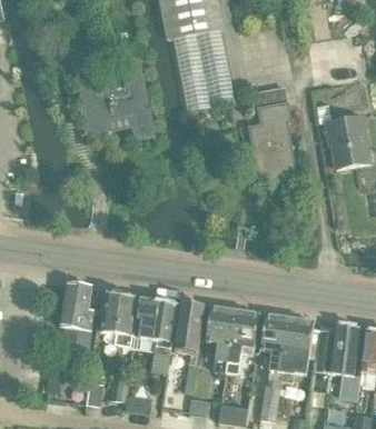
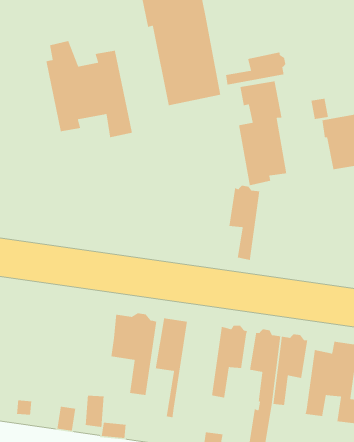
building: none -> [225,51,286,85]
building: [59,282,93,348] -> none
building: [100,290,136,348] -> none
building: [205,303,234,372] -> [228,185,260,261]

